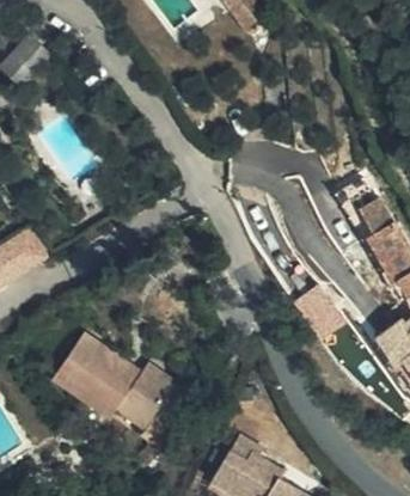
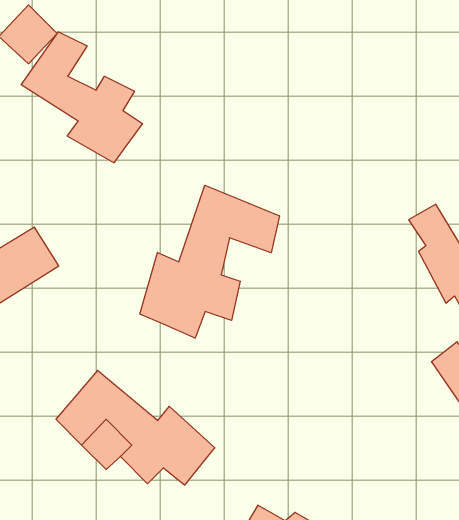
building: none -> [21,32,143,163]
building: none -> [140,185,279,338]

